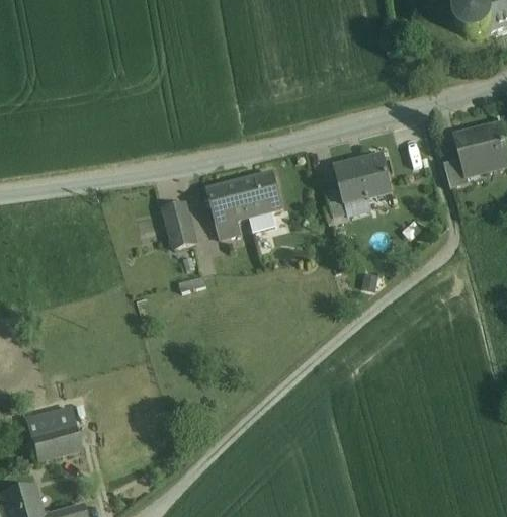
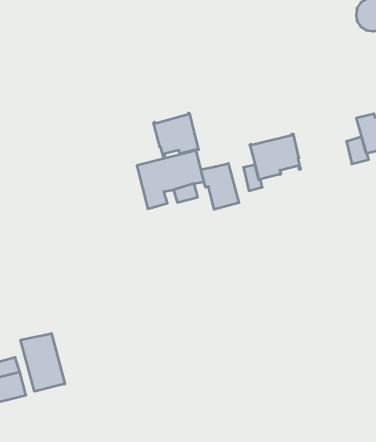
building: none -> [153,113,199,159]
building: none -> [201,163,239,209]
building: [163,201,195,246] -> none
building: none -> [21,333,65,391]

